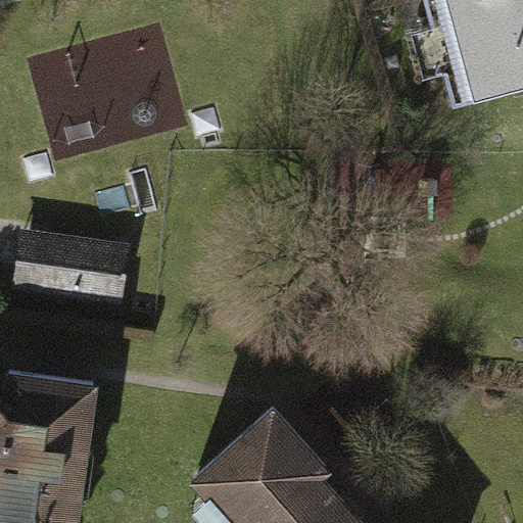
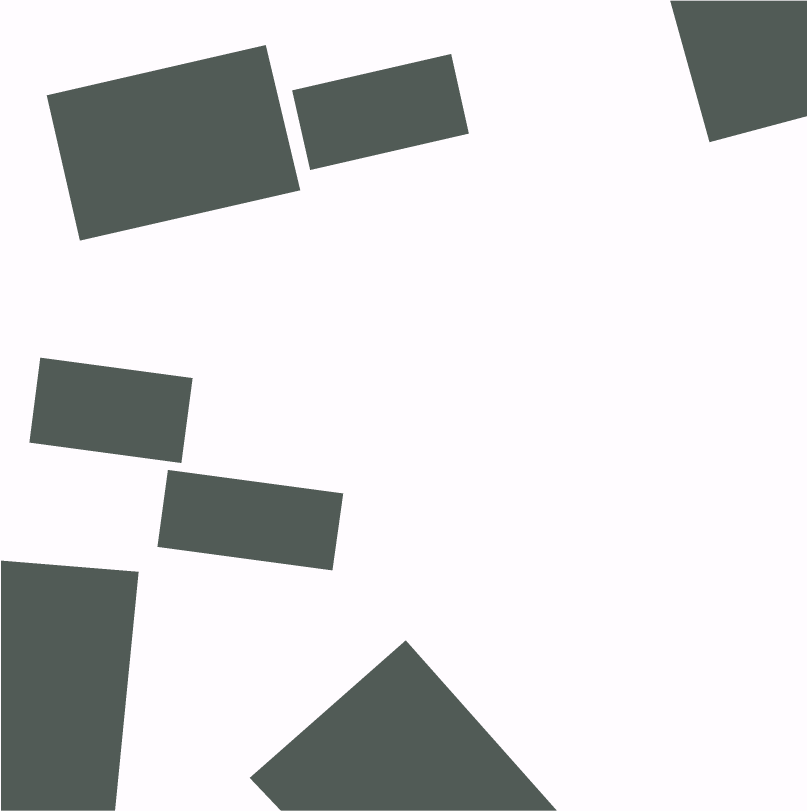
building: none -> [292,53,470,171]
building: none -> [157,469,344,571]

